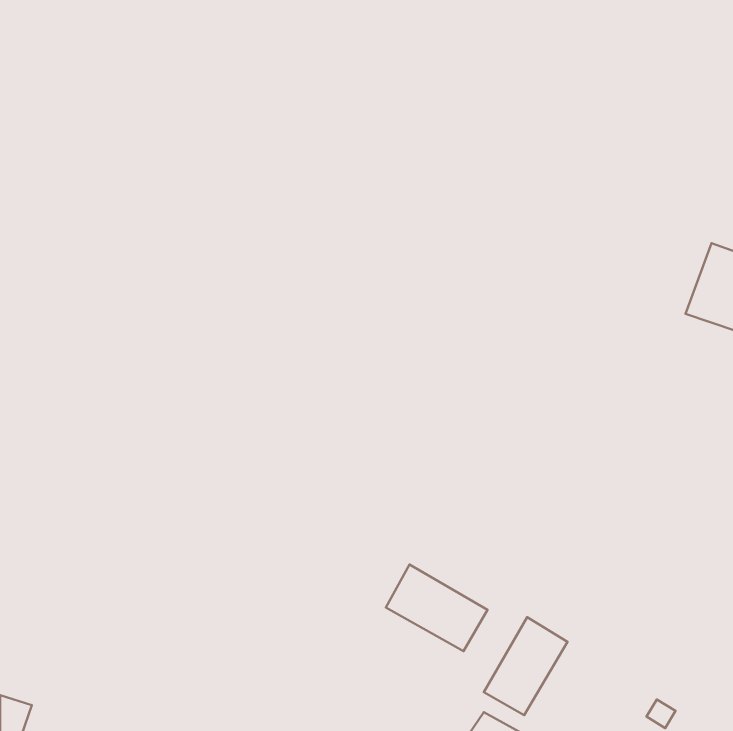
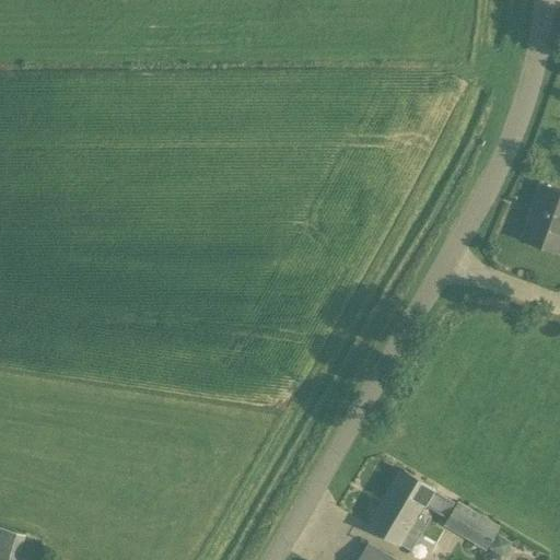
building: [386,565,488,651] -> none
building: none -> [445,504,501,552]

